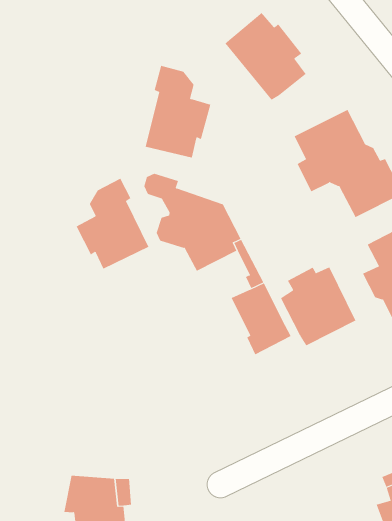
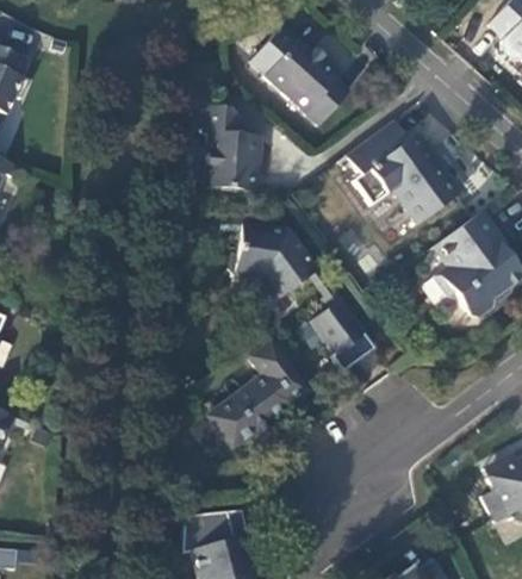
building: [76,178,149,270] -> none
building: [280,267,356,346] -> none
building: none -> [207,337,309,448]

